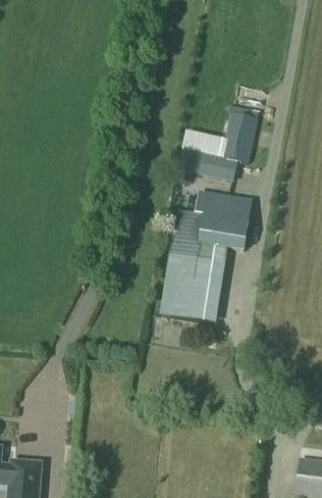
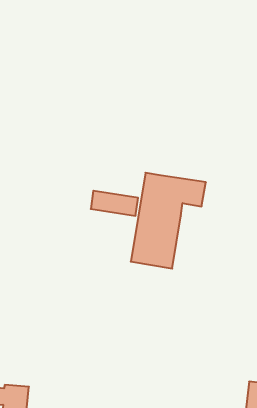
building: [178,112,259,183] -> none
building: [197,191,253,220] -> [91,191,138,216]

